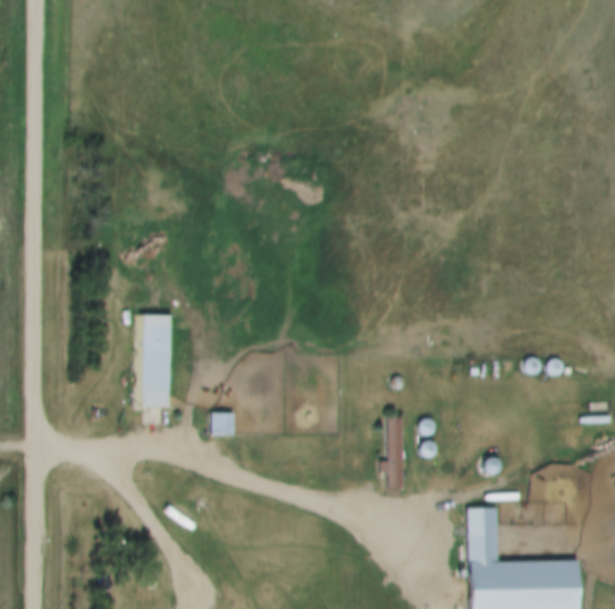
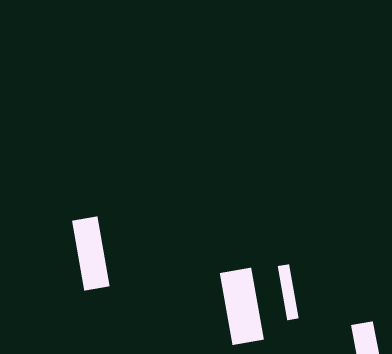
building: [211,413,233,436] -> none
building: none -> [219,267,264,346]

